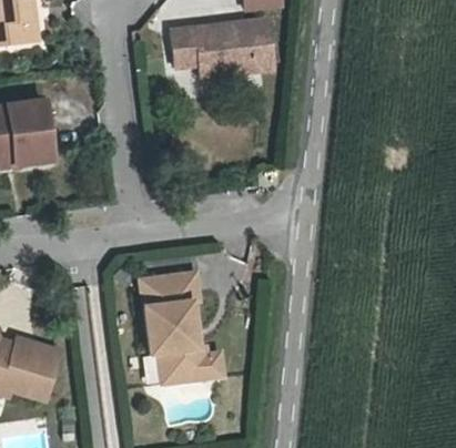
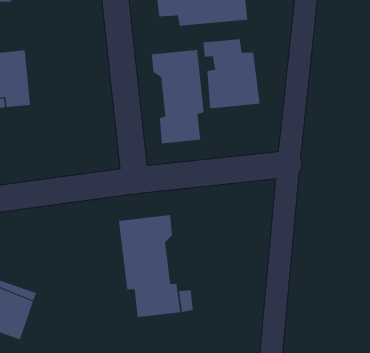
building: none -> [203,38,260,109]
building: none -> [151,49,204,144]

